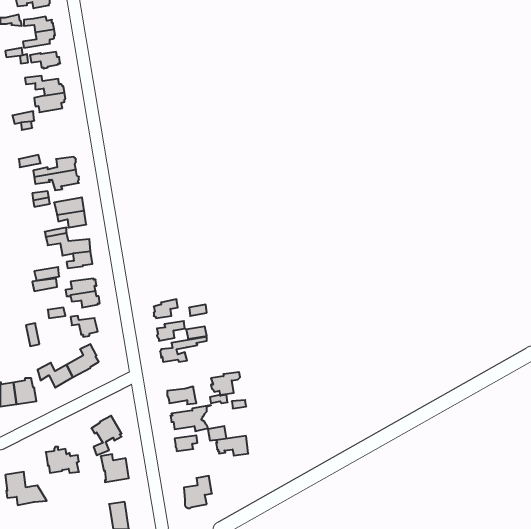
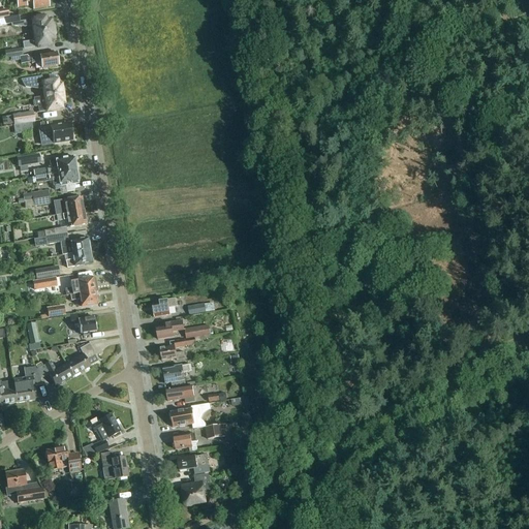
building: none -> [40,121,72,143]
building: [211,372,240,395] -> [163,364,192,386]
building: [216,436,248,456] -> [178,454,210,473]

